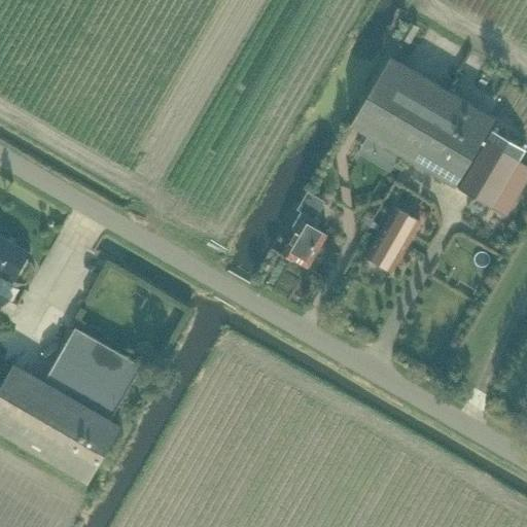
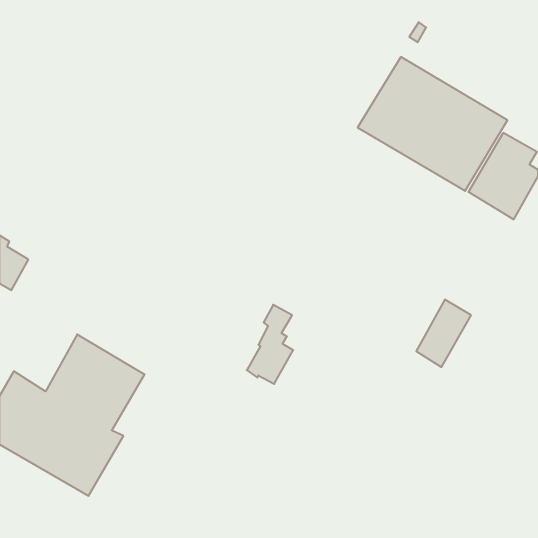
building: [281,189,326,267] -> [247,305,293,384]
building: [366,207,420,273] -> [416,300,471,367]

